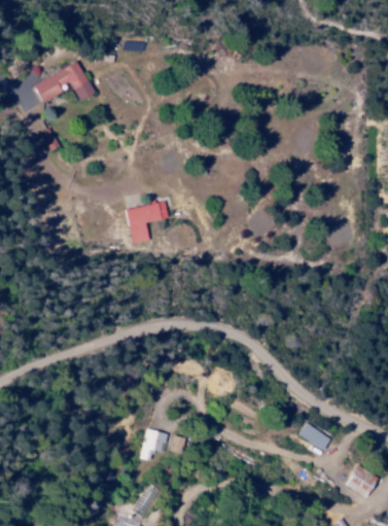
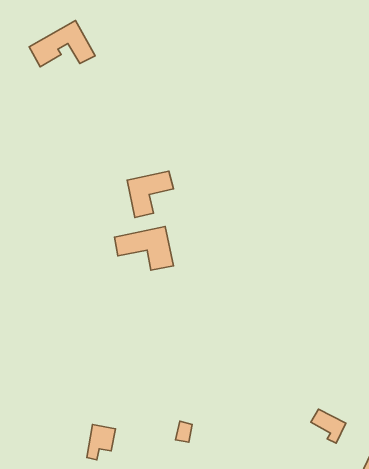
building: none -> [115,226,174,270]
building: [142,428,169,461] -> [87,425,116,460]

